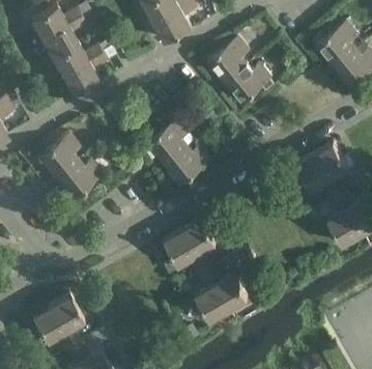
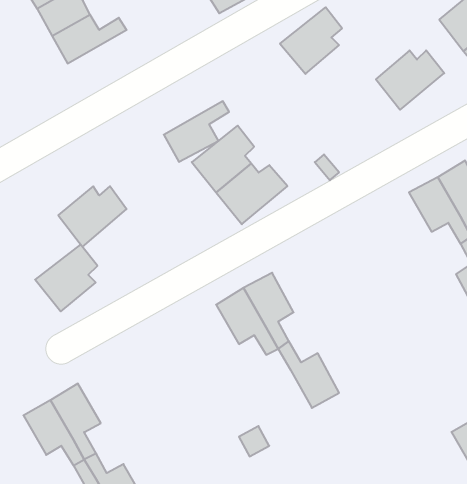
building: [63,50,108,91] -> [164,101,229,162]
building: [226,60,273,101] -> [376,50,444,110]
building: [39,131,82,176] -> [35,245,97,311]
building: [196,267,230,319] -> none

